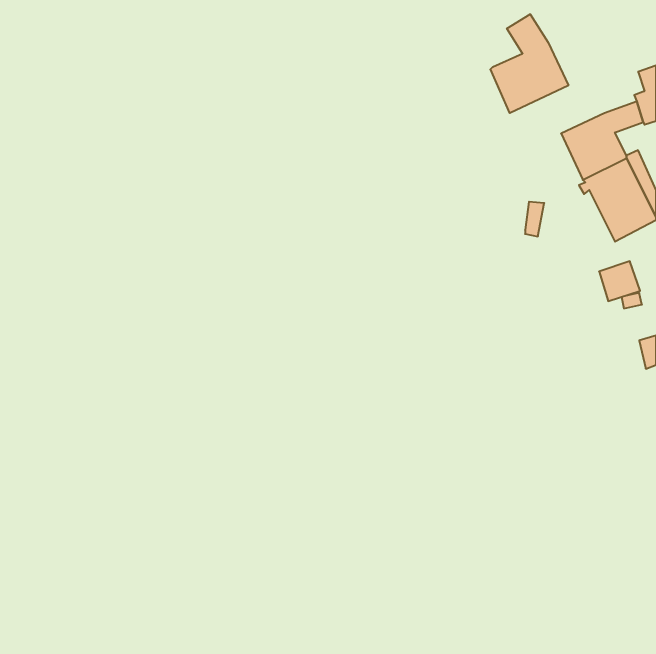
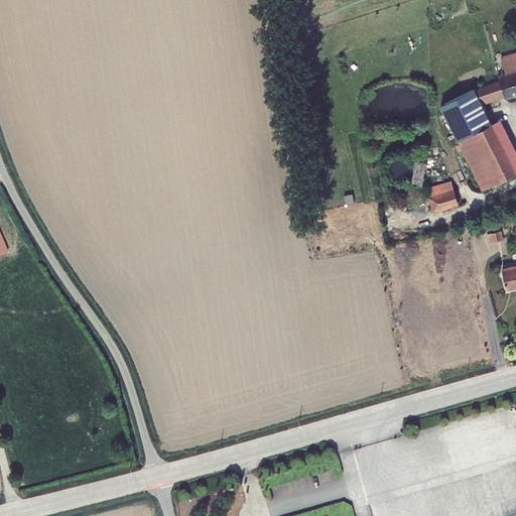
building: [490,14,568,113] -> none
building: [599,261,640,301] -> [426,183,459,215]

